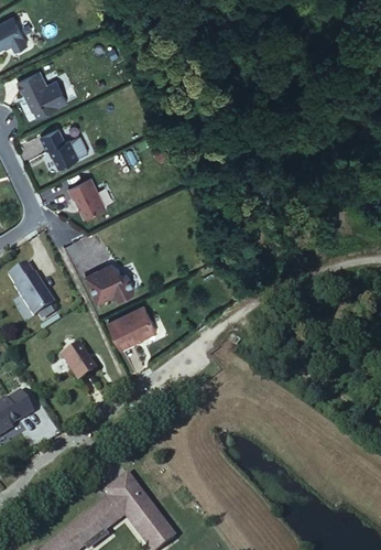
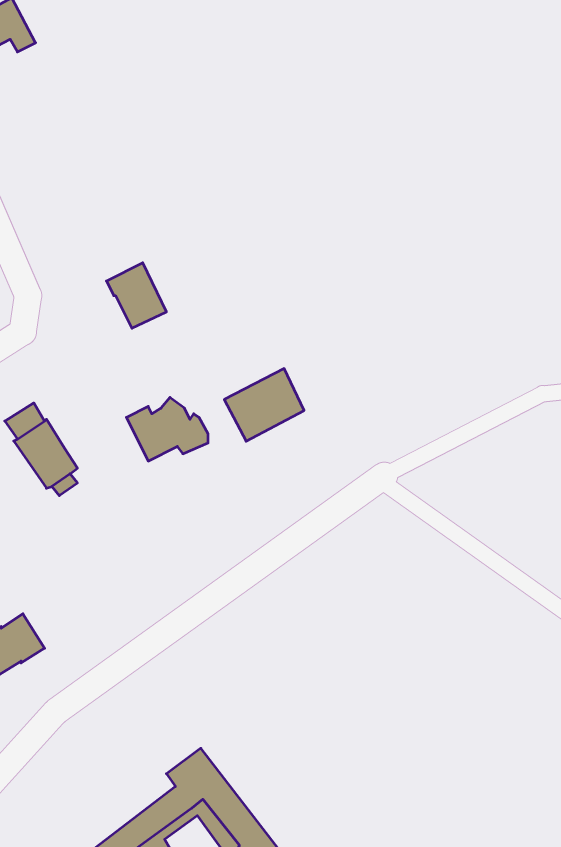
building: [18,72,54,111] -> none
building: [41,130,79,169] -> none
building: [107,304,155,348] -> [224,369,304,441]
building: [61,345,95,381] -> none

